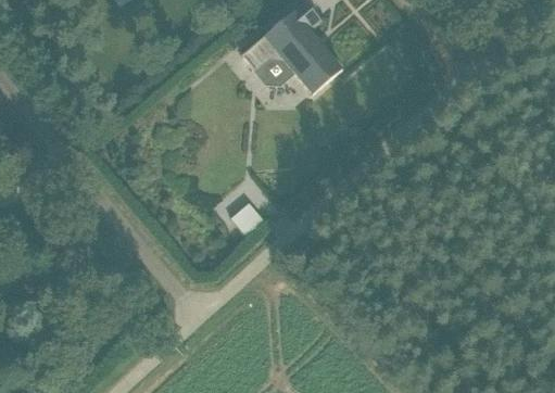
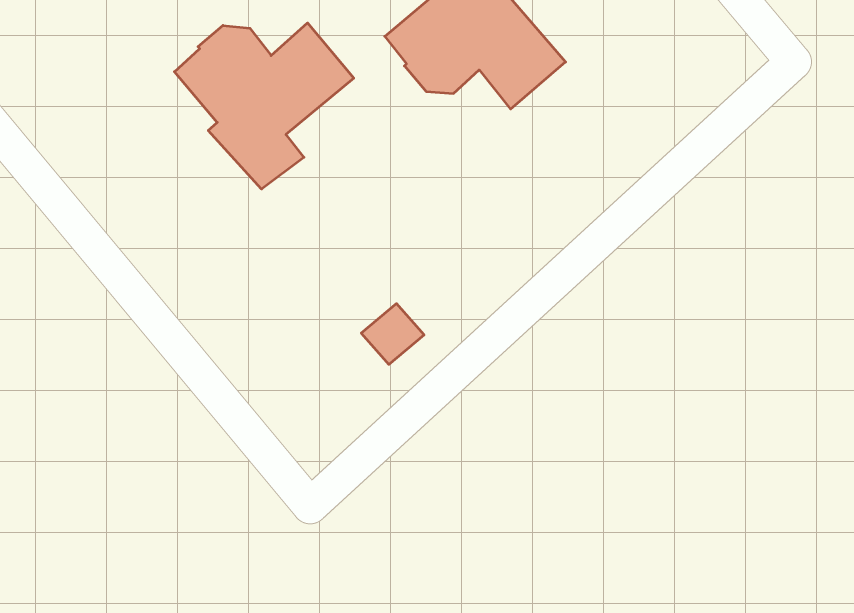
building: none -> [174,23,354,189]

